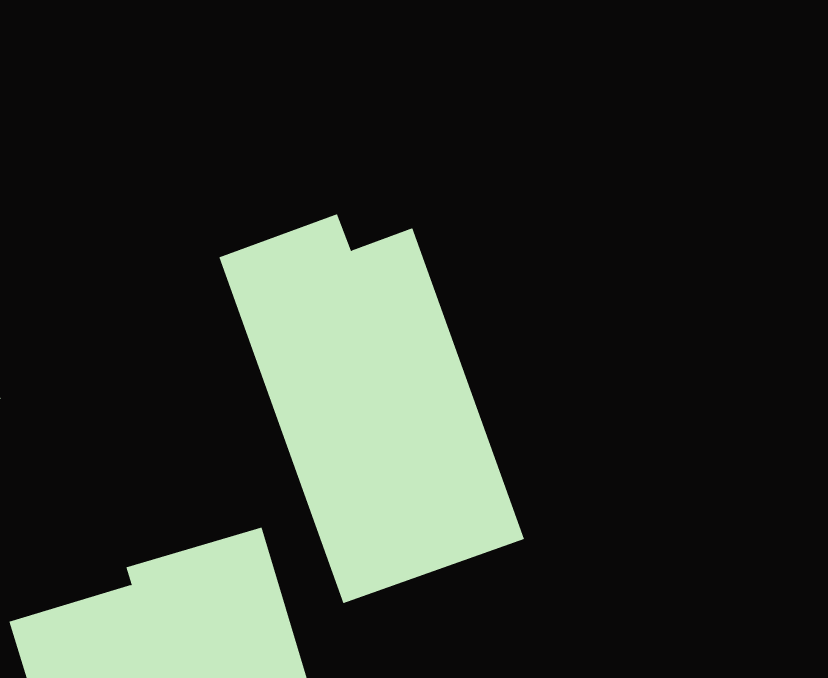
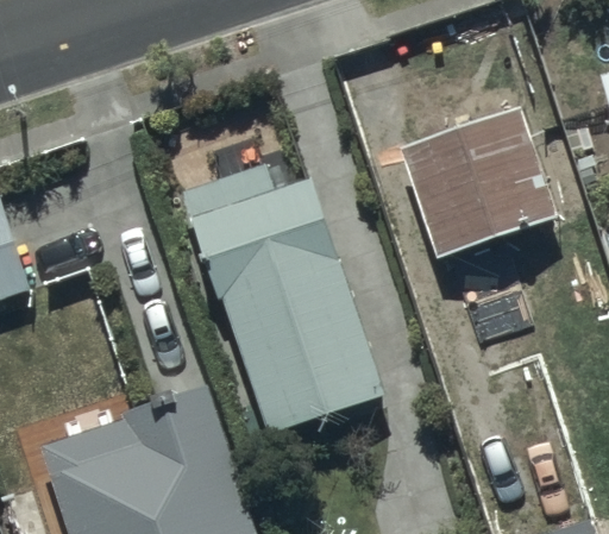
building: none -> [398,106,569,309]

